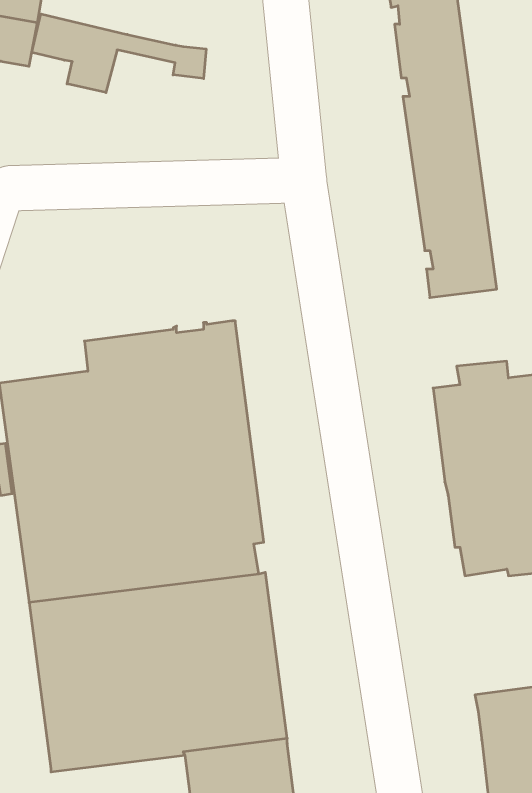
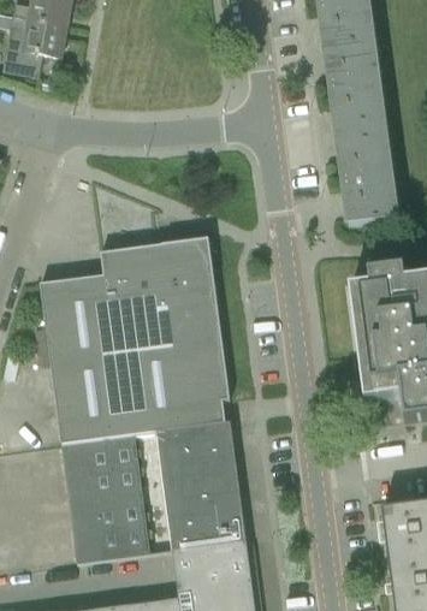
building: [32,14,206,93] -> none

